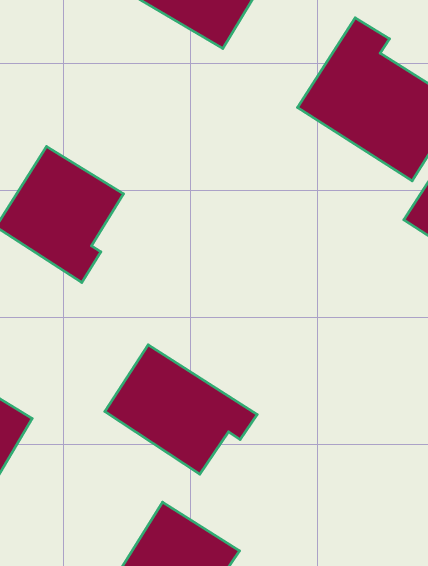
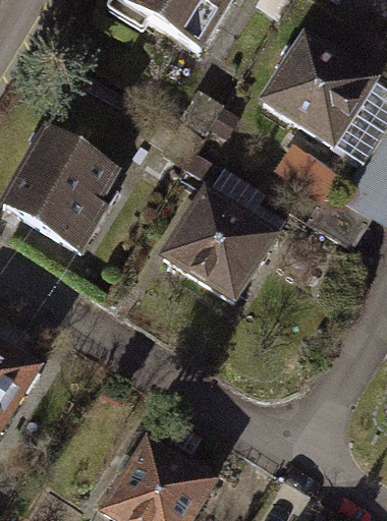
building: none -> [162,188,274,298]
building: [105,345,257,474] -> none

